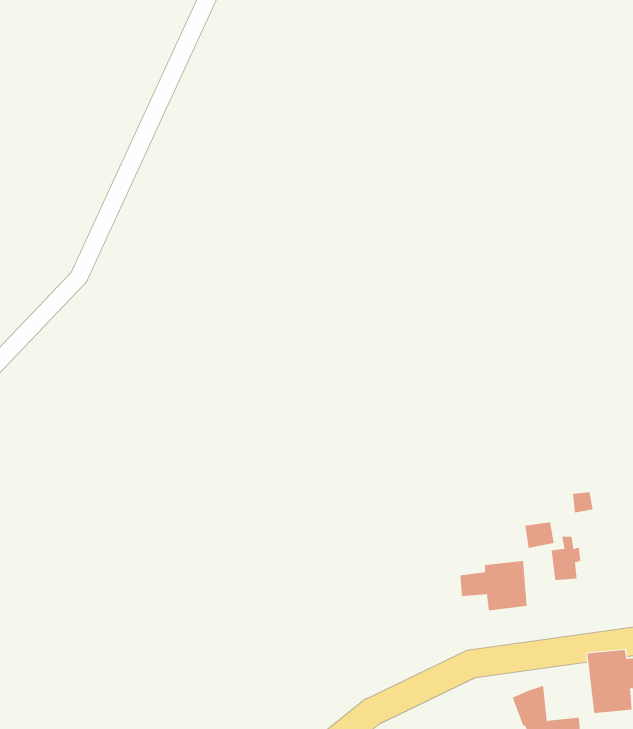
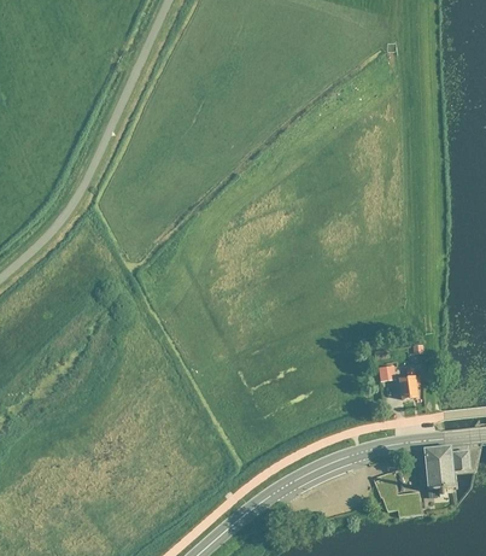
building: [460,560,527,611] -> none

